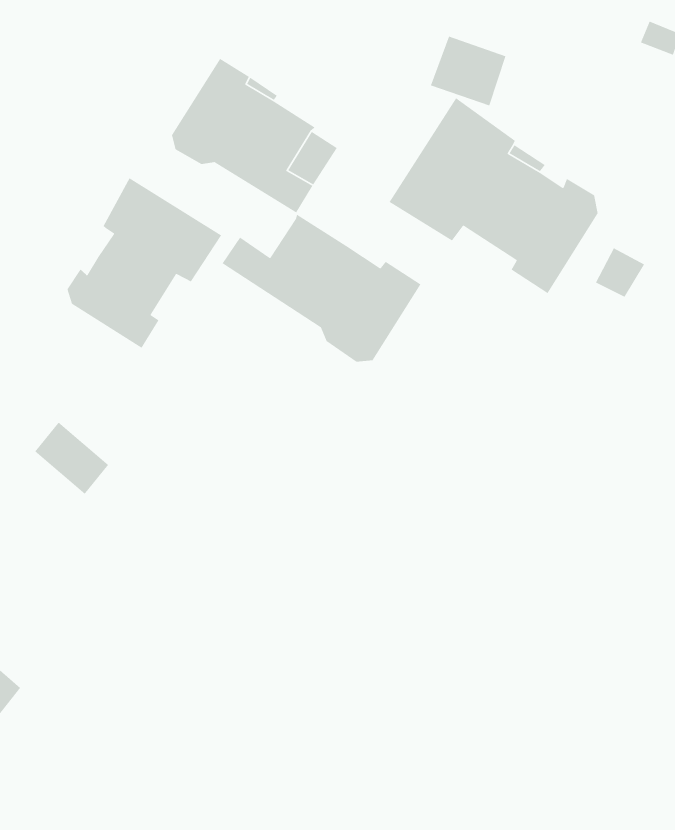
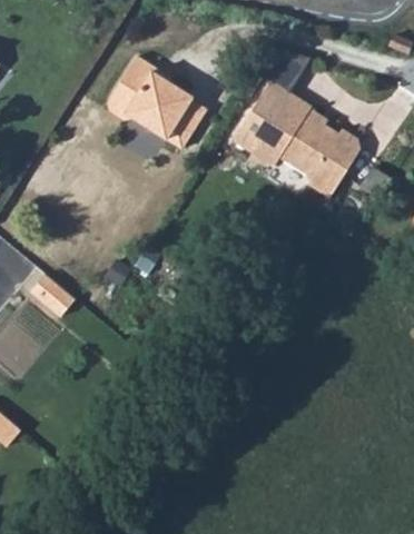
building: [66,177,222,349] -> none
building: [221,213,422,362] -> none

